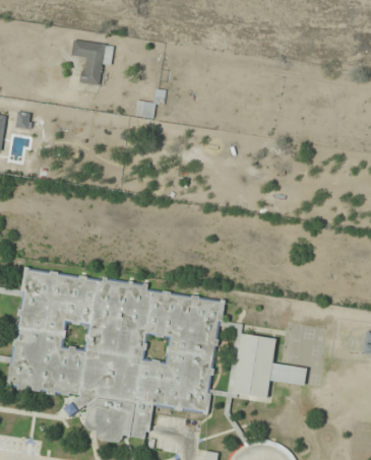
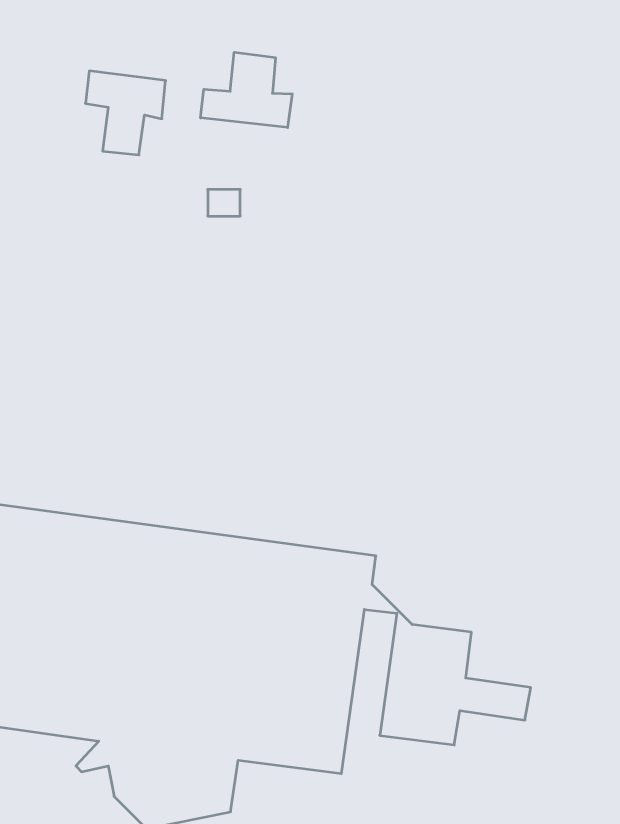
building: none -> [201,52,292,128]

